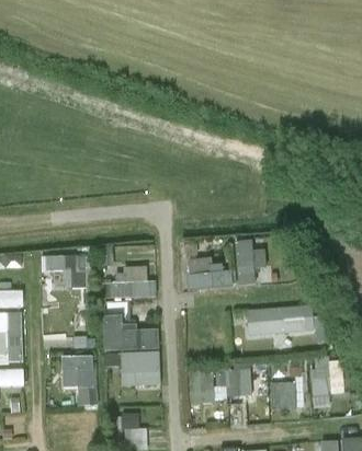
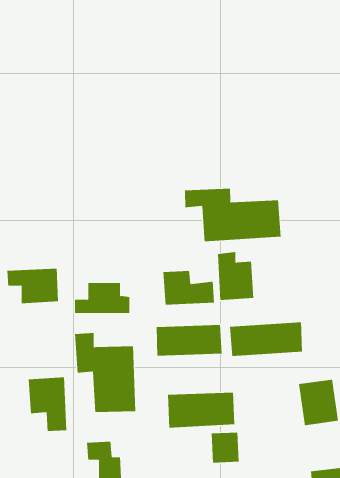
building: none -> [184,188,281,242]
building: none -> [156,324,222,357]
building: [270,381,296,409] -> [211,432,239,463]

